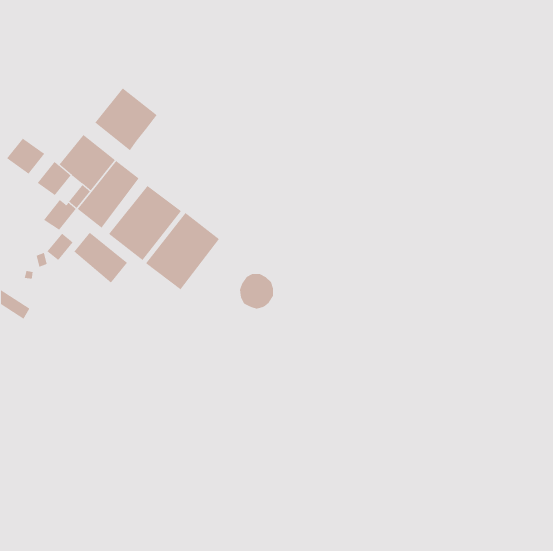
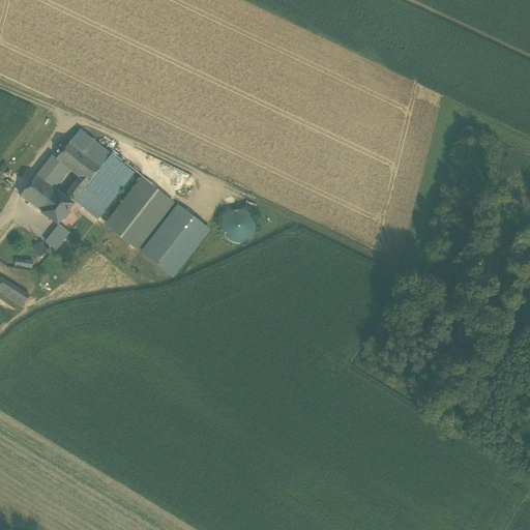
building: [95,88,158,151] -> none
building: [6,138,45,175] -> [20,175,57,210]
building: [73,232,128,283] -> none
building: [239,273,274,309] -> [222,208,255,242]

